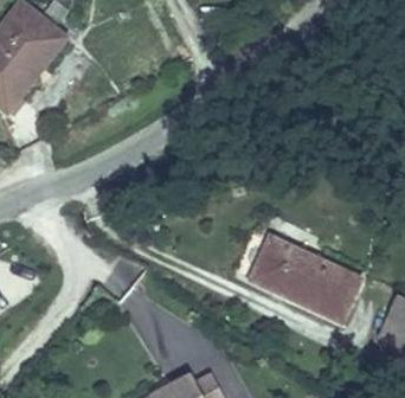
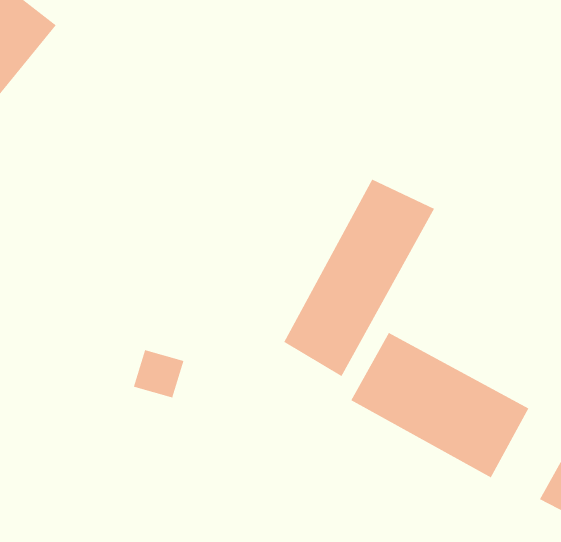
building: none -> [283,179,435,377]

